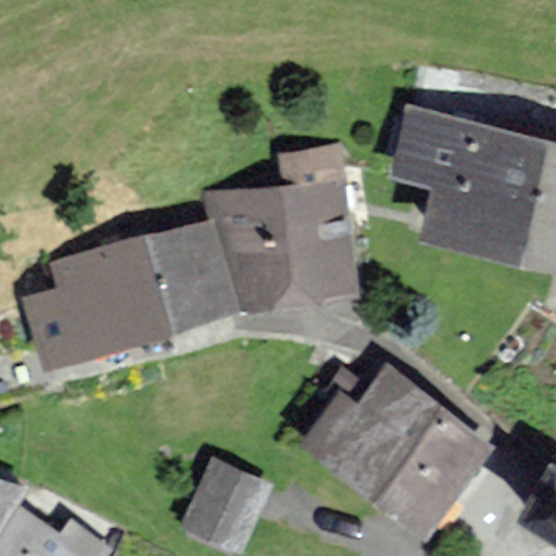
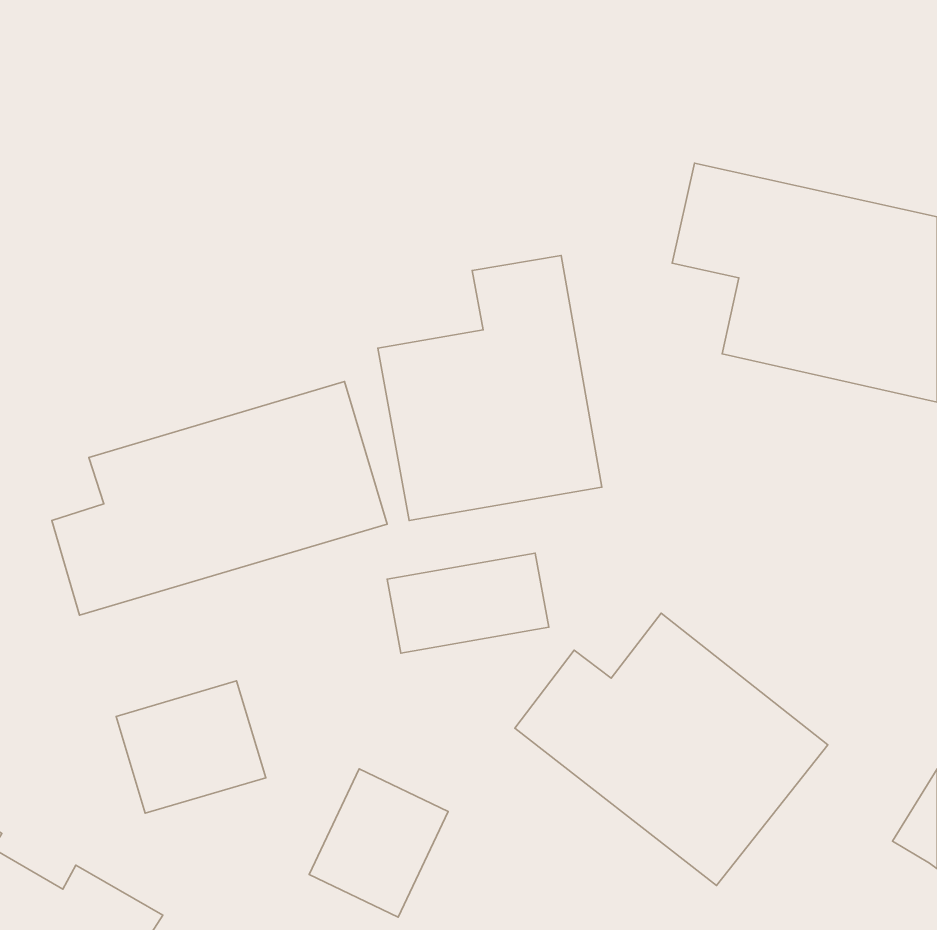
building: none -> [387,553,549,653]
building: none -> [116,681,266,813]

